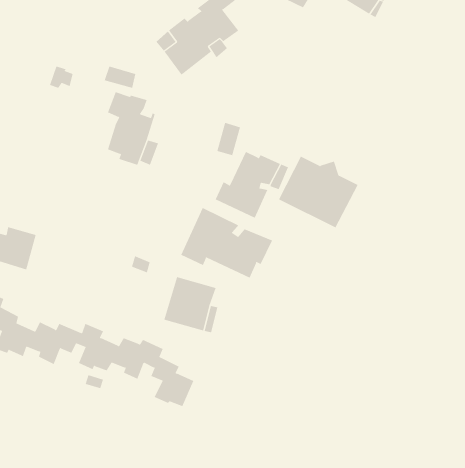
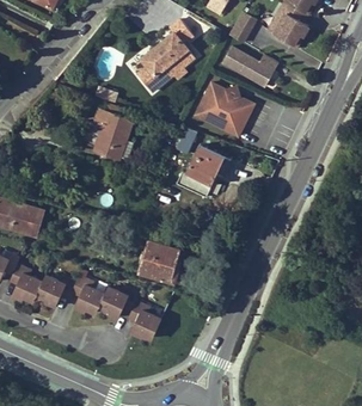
building: none -> [219,43,278,88]
building: [278,156,358,228] -> [195,82,254,136]
building: [181,207,273,278] -> none

